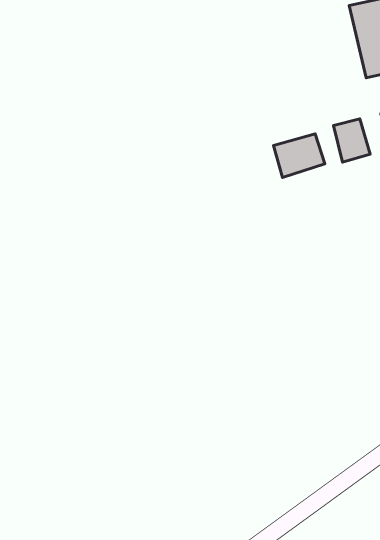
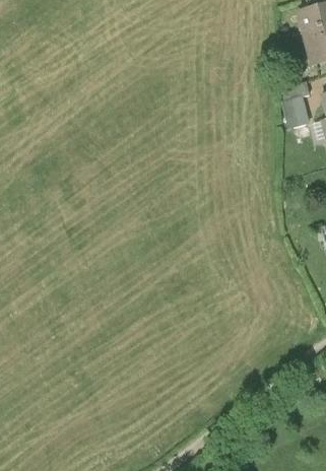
building: [273,134,325,178] -> none

